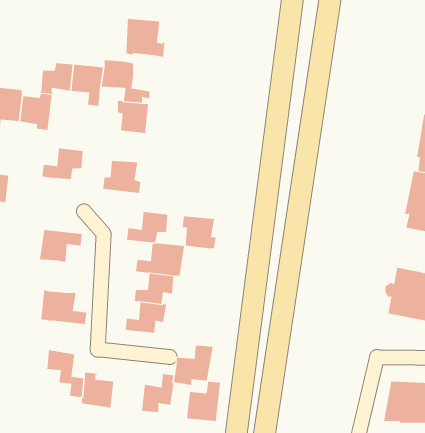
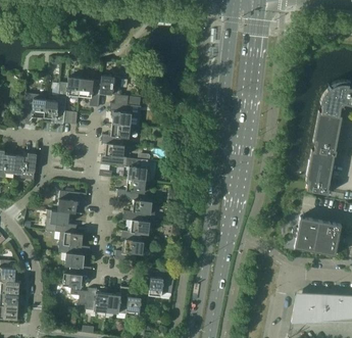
building: [126,18,165,58] -> none
building: [42,148,84,179] -> [102,124,131,145]
building: [182,216,216,249] -> [127,158,150,181]
building: none -> [46,210,78,234]
building: none -> [65,253,92,277]
building: [186,381,221,422] -> [107,287,131,315]

